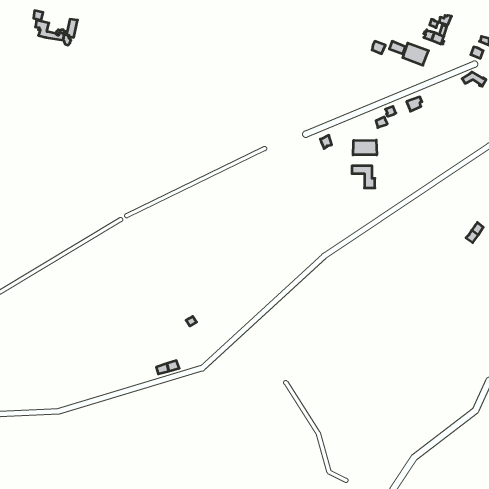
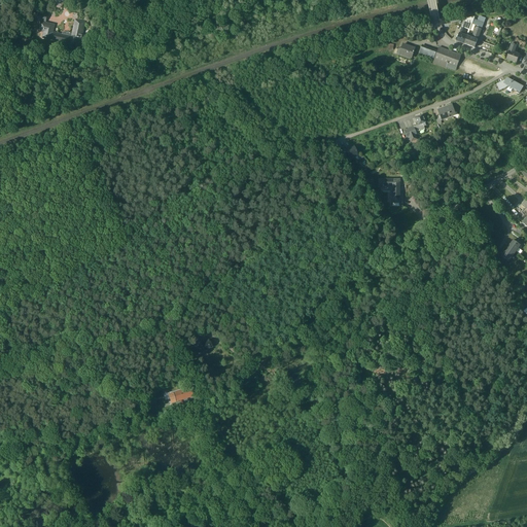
building: [353,140,377,155] -> none

